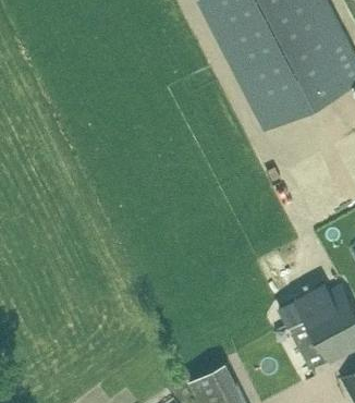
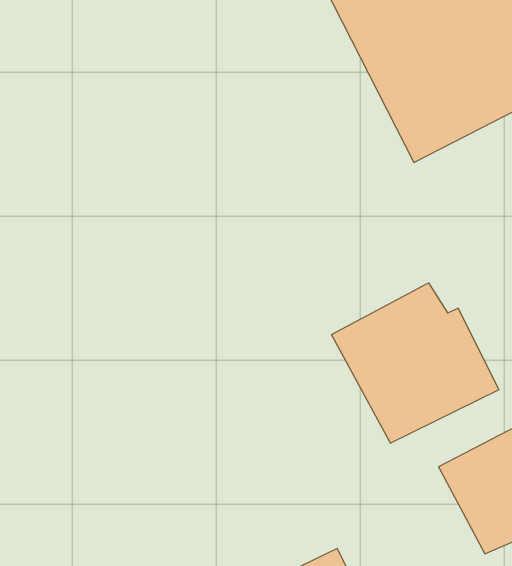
building: none -> [332,283,499,443]

